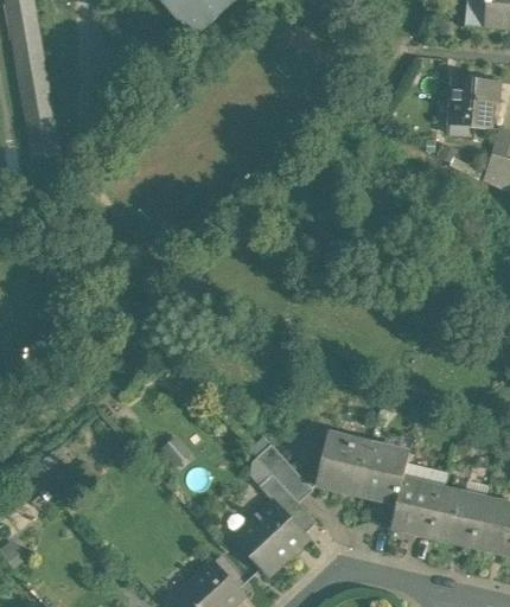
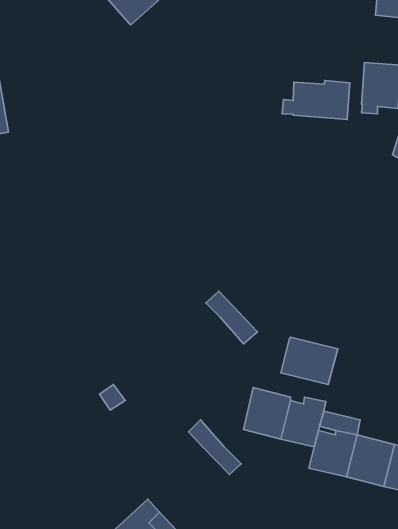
building: none -> [282,80,350,119]
building: none -> [281,337,338,384]
building: [256,443,313,501] -> [206,291,257,344]
building: [235,501,307,573] -> none

